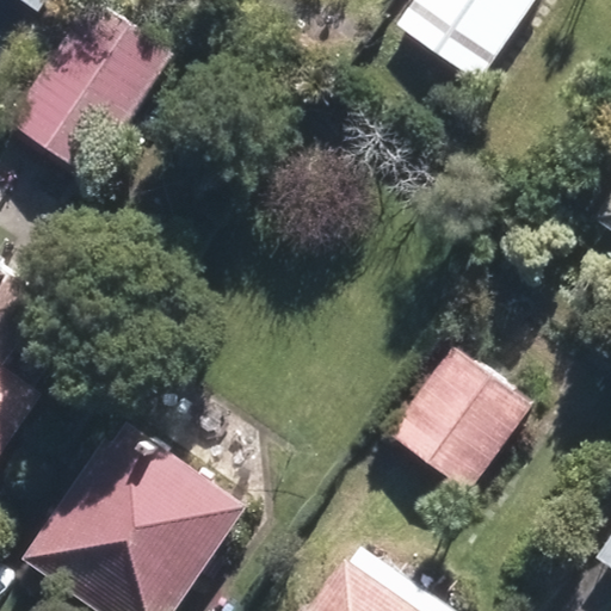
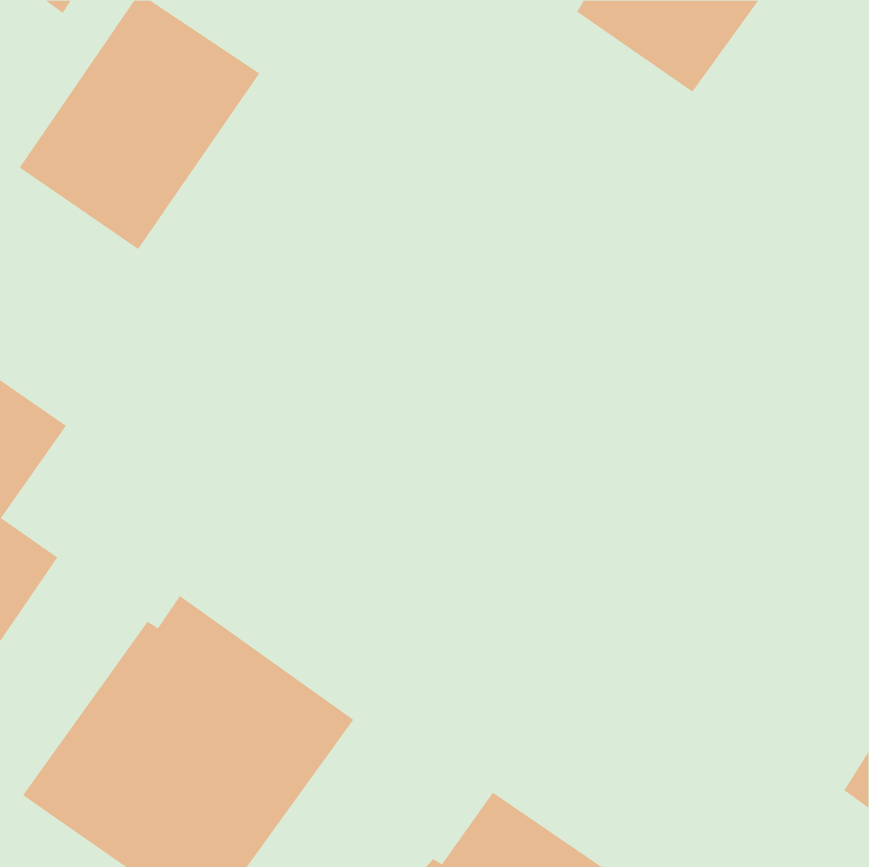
building: [382,345,526,492] -> none

